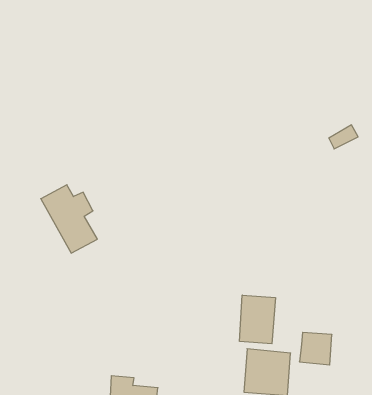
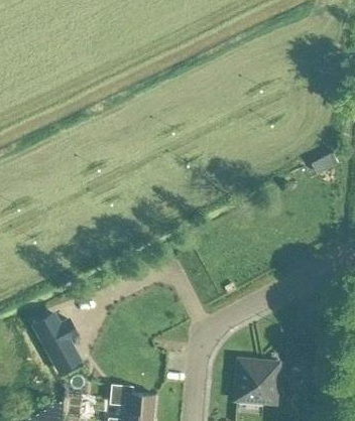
building: [41,185,97,253] -> [30,311,83,375]
building: [240,295,275,344] -> none

